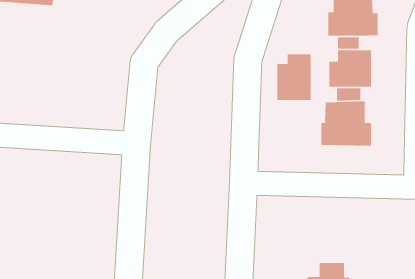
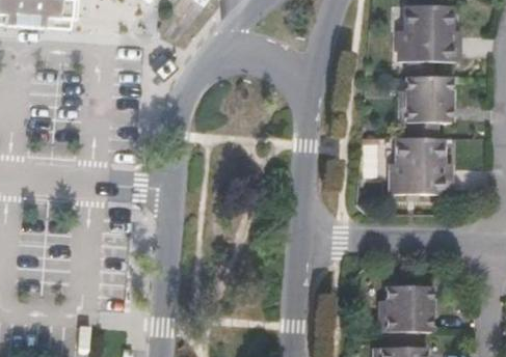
building: [276,54,312,101] -> none
building: none -> [379,286,431,331]

